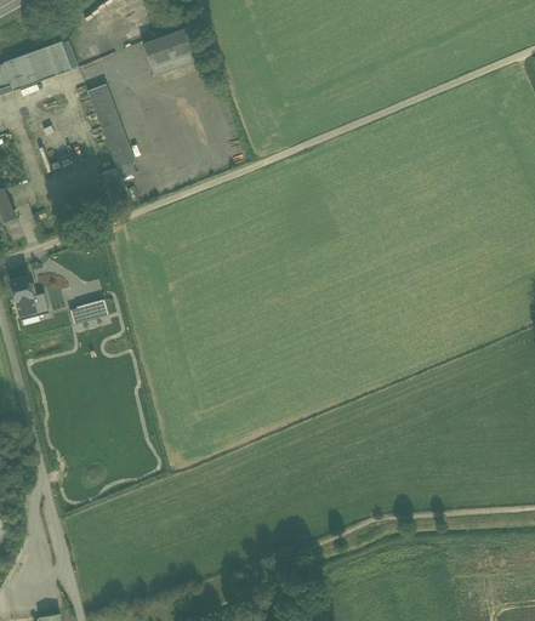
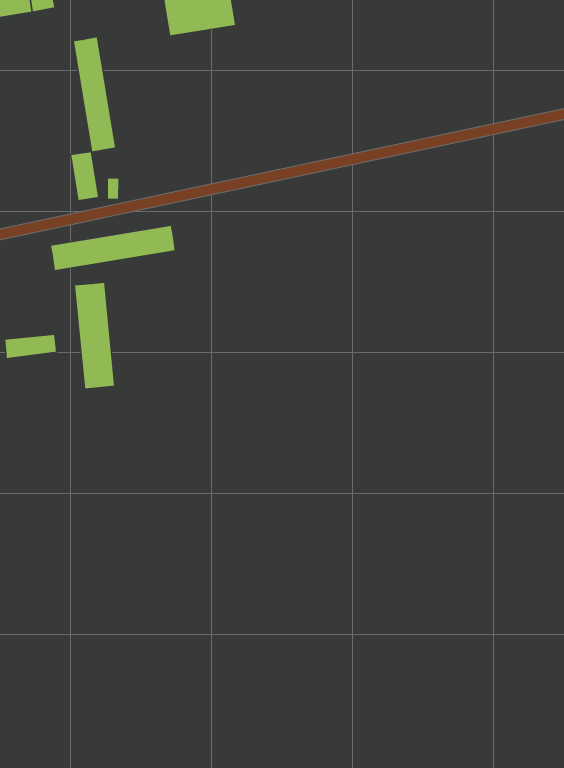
building: none -> [51,225,175,271]
building: none -> [75,282,115,389]

